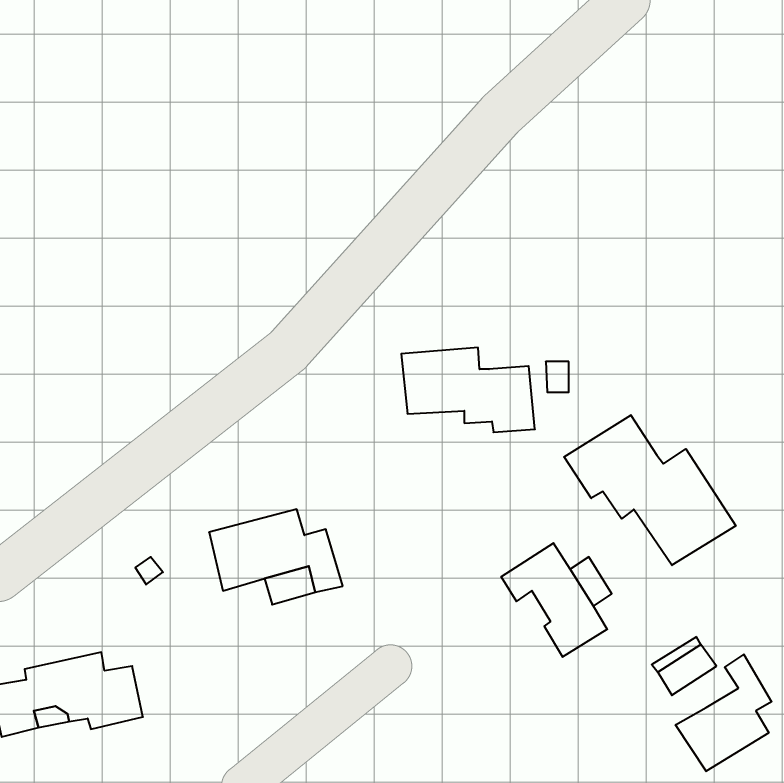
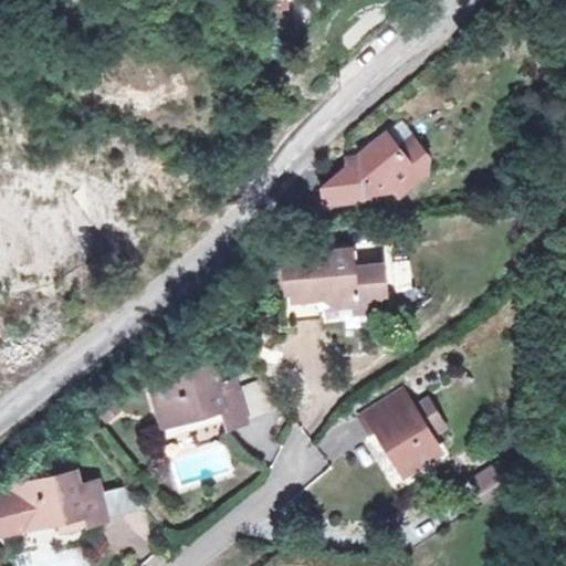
building: none -> [323,137,424,206]
building: [564,415,736,565] -> none
building: [676,654,772,771] -> none

